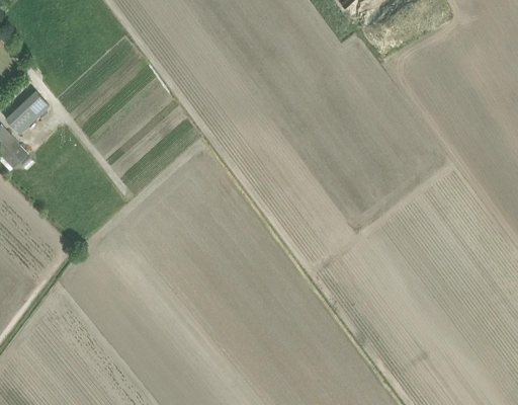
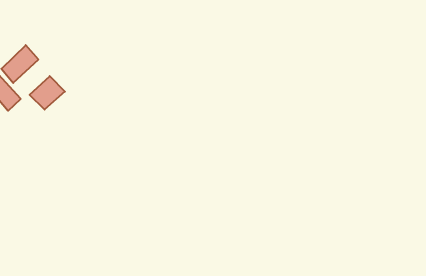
building: none -> [30,76,65,110]

